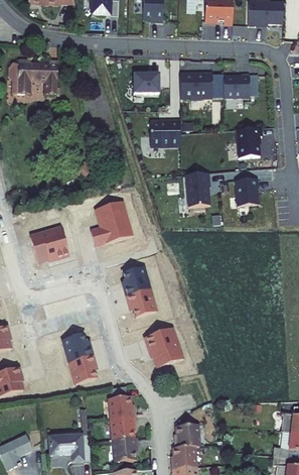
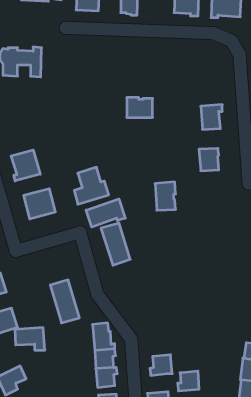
building: [134,73,159,91] -> none
building: [180,73,212,97] -> none
building: [223,74,250,97] -> none
building: [185,171,209,205] -> [155,182,176,210]
building: none -> [11,150,40,181]
building: none -> [86,199,125,227]
building: [144,327,180,366] -> none
building: [46,434,82,460] -> [15,328,45,350]
building: [173,443,198,466] -> [178,371,199,391]

